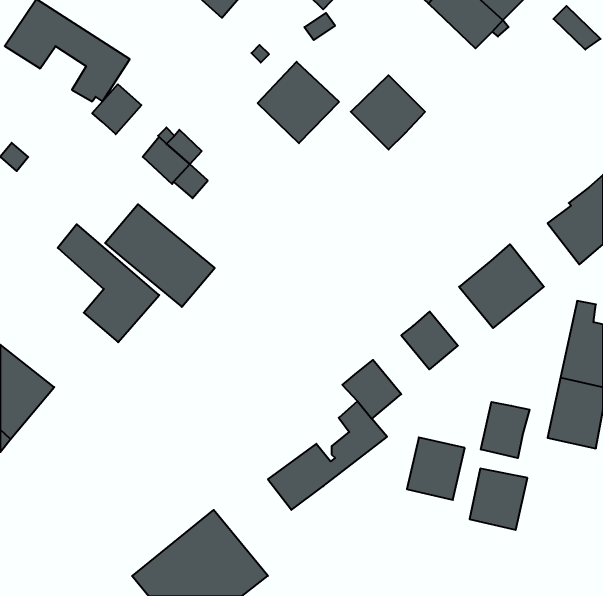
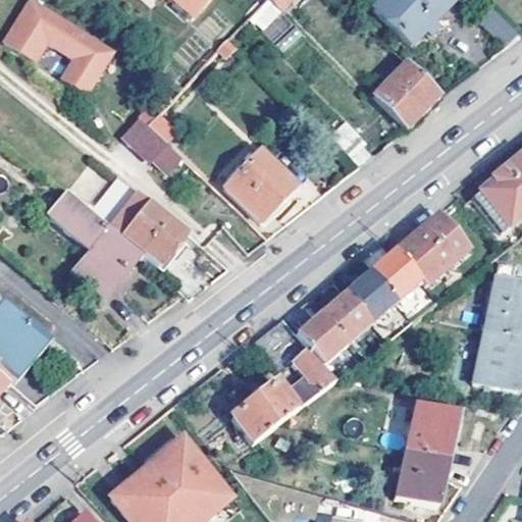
building: [258,62,339,143] -> [225,150,296,220]
building: [351,75,425,150] -> [374,61,438,125]
building: [92,84,141,134] -> none
building: none -> [371,248,421,299]
building: none -> [322,290,371,341]
building: [481,402,530,458] -> none
building: [407,437,465,500] -> [396,449,446,503]

